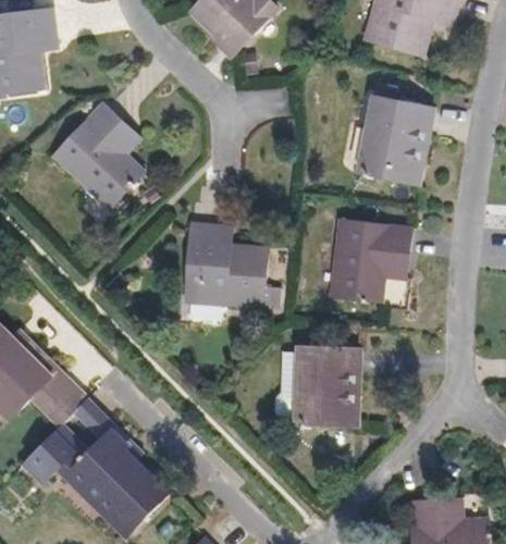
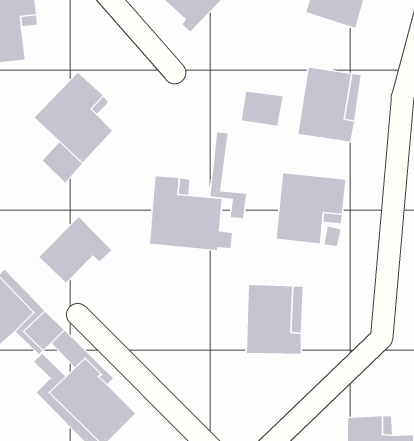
building: none -> [241,91,283,127]
building: none -> [210,131,247,219]
building: none -> [42,142,83,183]
building: none -> [38,216,112,284]
building: [23,434,72,483] -> none

